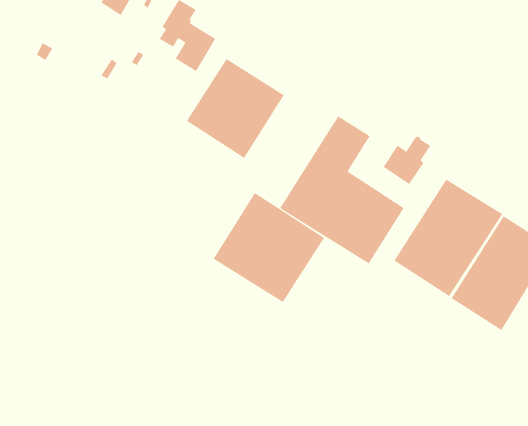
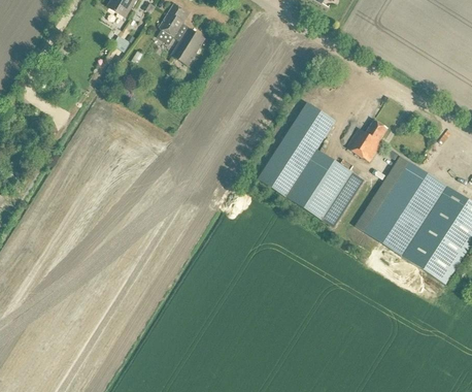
building: [186,58,285,159] -> none
building: [213,192,325,303] -> none

